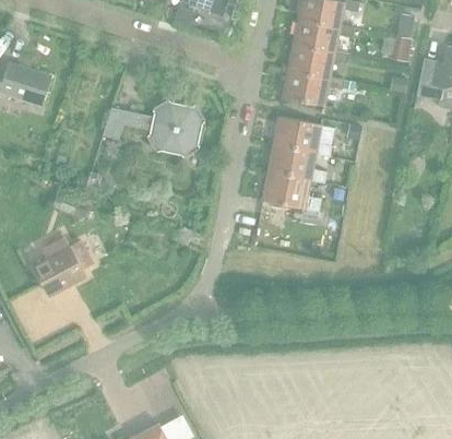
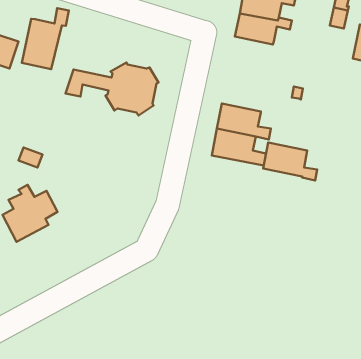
building: none -> [22,8,69,69]
building: [281,71,343,106] -> none
building: [272,116,331,157] -> [263,142,317,180]

